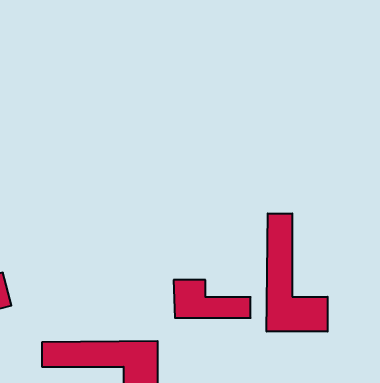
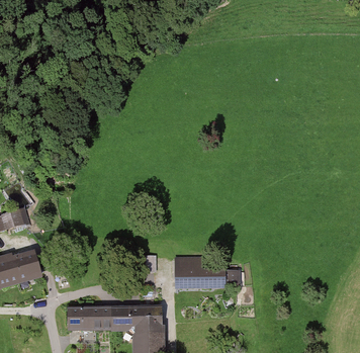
building: [267,213,328,332] -> none

